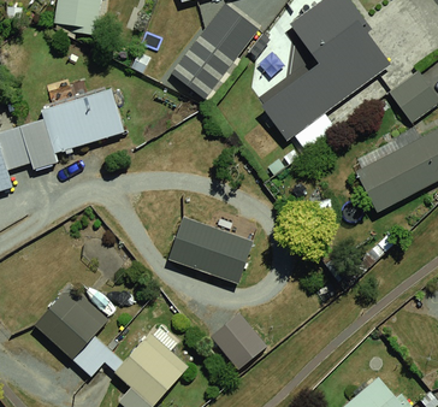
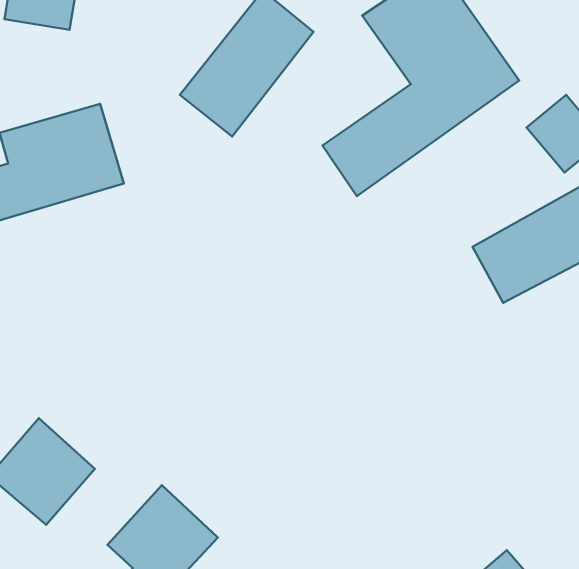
building: [170,218,254,284] -> none
building: [214,313,270,370] -> none

